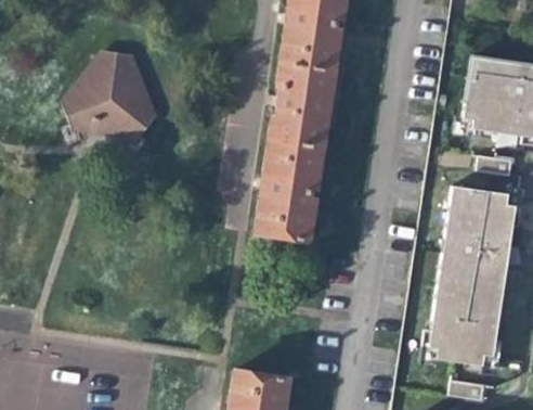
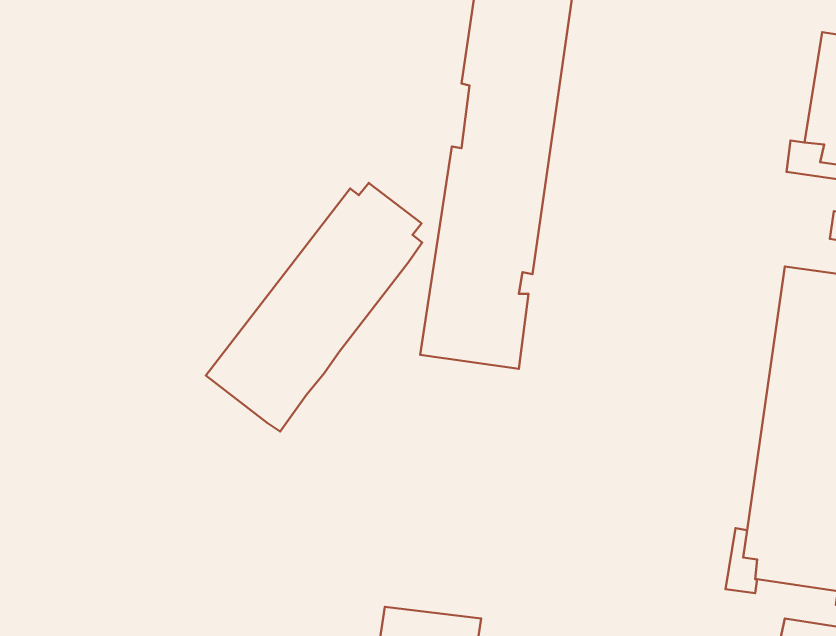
building: [67,54,157,143] -> none
building: none -> [206,183,422,432]

